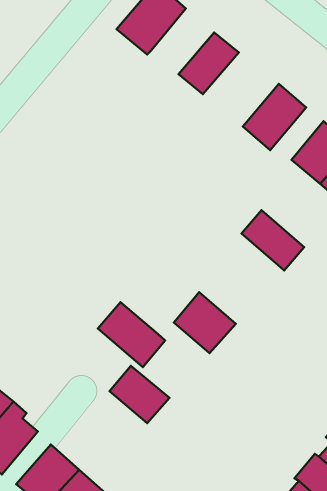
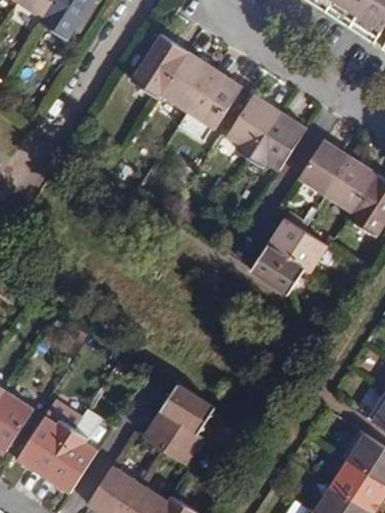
building: none -> [161,53,216,113]
building: none -> [228,95,280,153]
building: [174,292,236,353] -> [244,249,300,303]
building: [98,302,165,367] -> [146,407,208,463]

